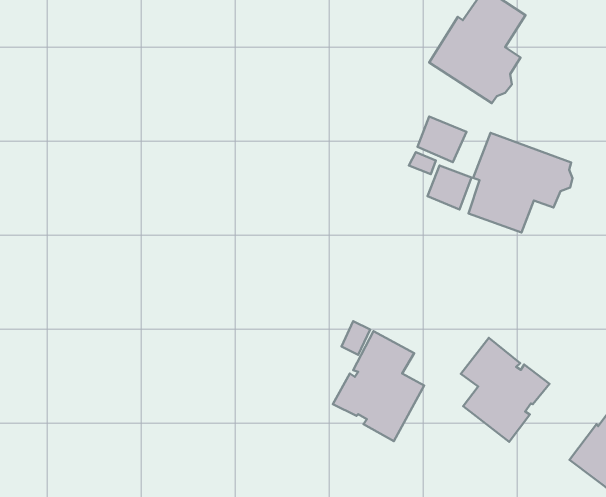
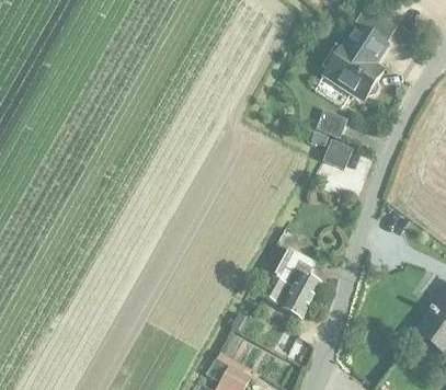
building: [469,133,573,232] -> none
building: [461,338,550,442] -> none

